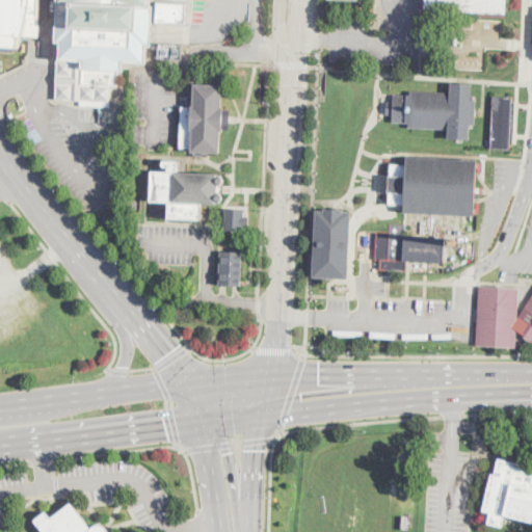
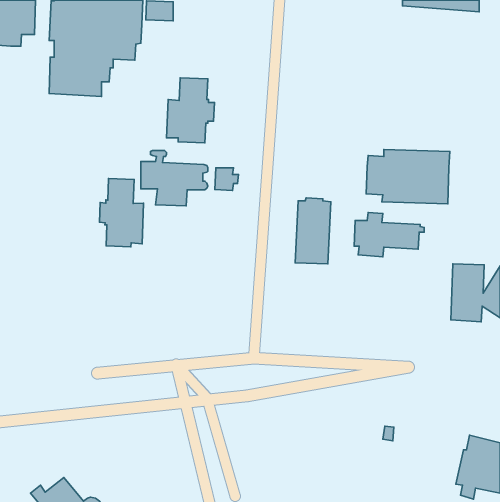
building: [382,83,475,142] -> none
building: [488,98,513,150] -> none
building: none -> [100,178,143,247]
building: [222,210,247,234] -> [215,168,238,190]
building: [217,252,240,288] -> none

